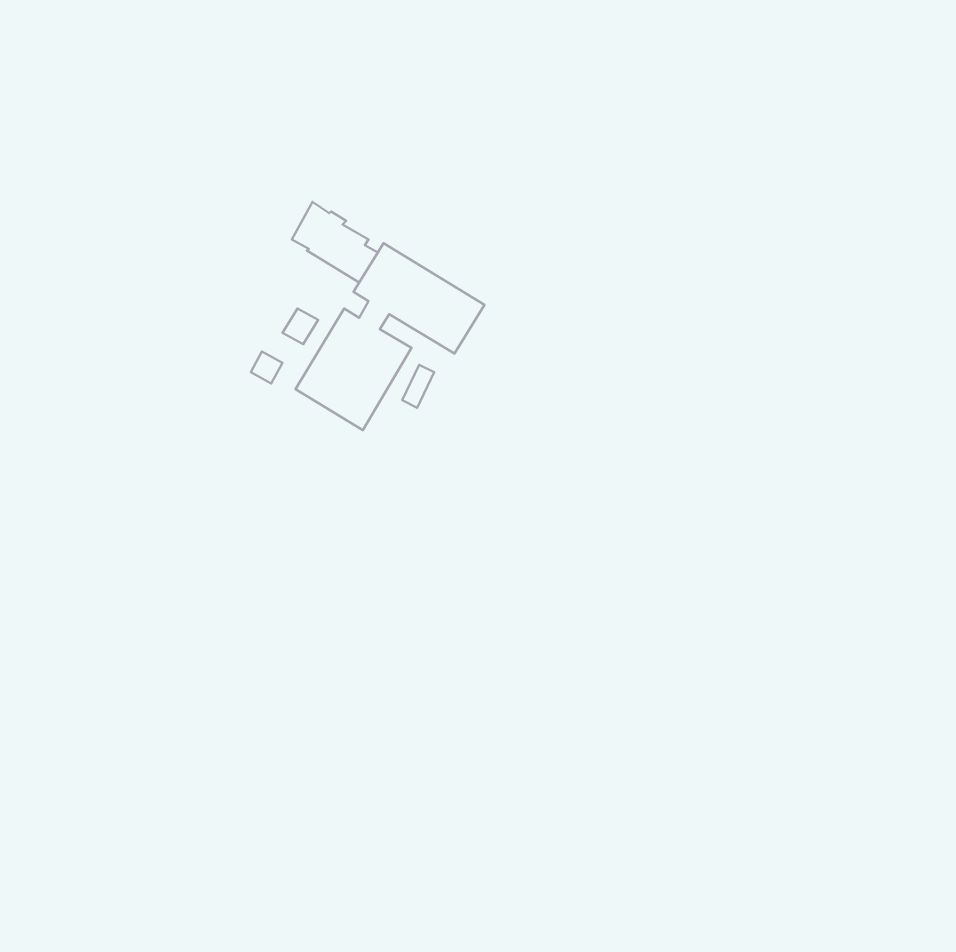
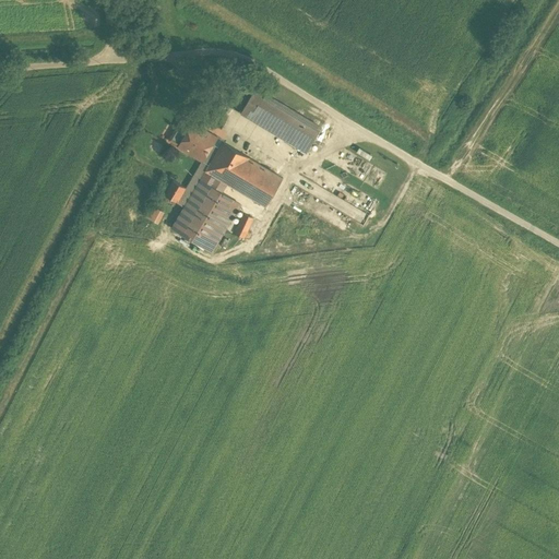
building: none -> [241,91,321,154]

